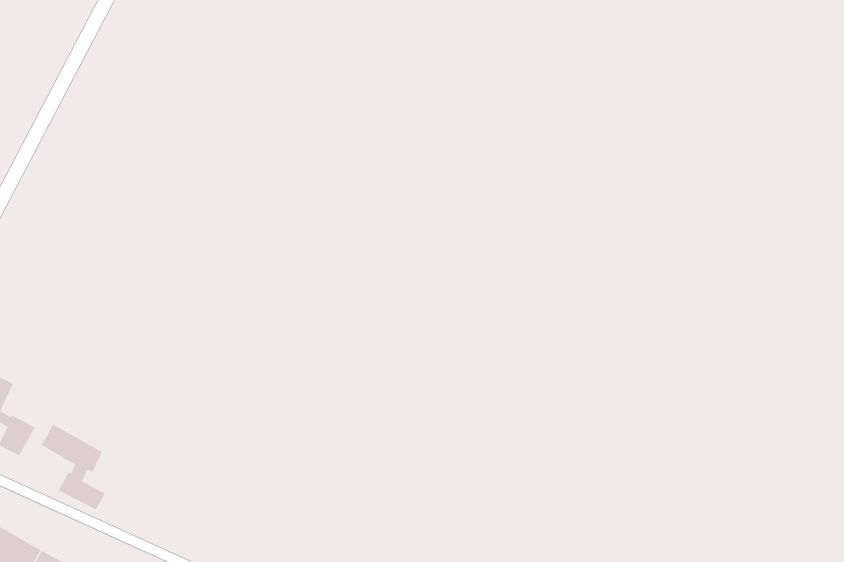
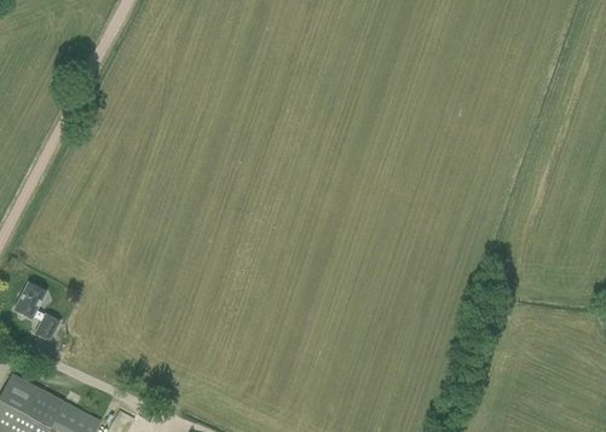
building: [41,423,106,510] -> none

